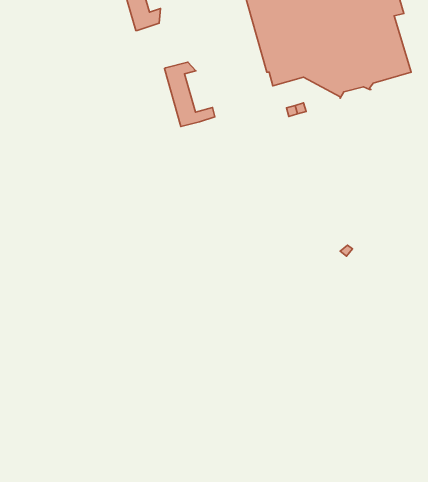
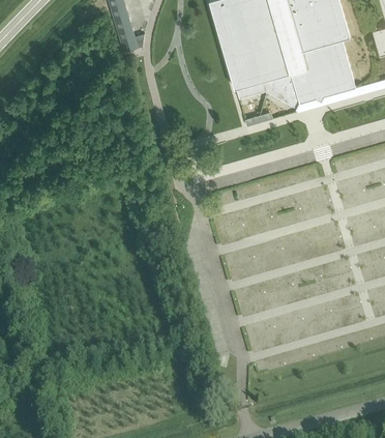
building: [165,62,215,127] -> none

